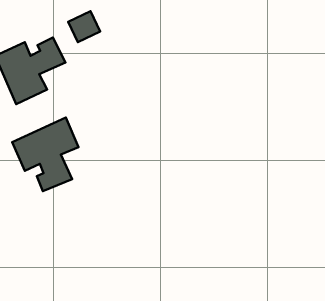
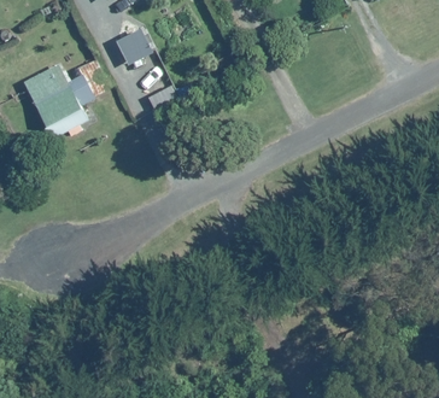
building: [12,117,79,191] -> none

